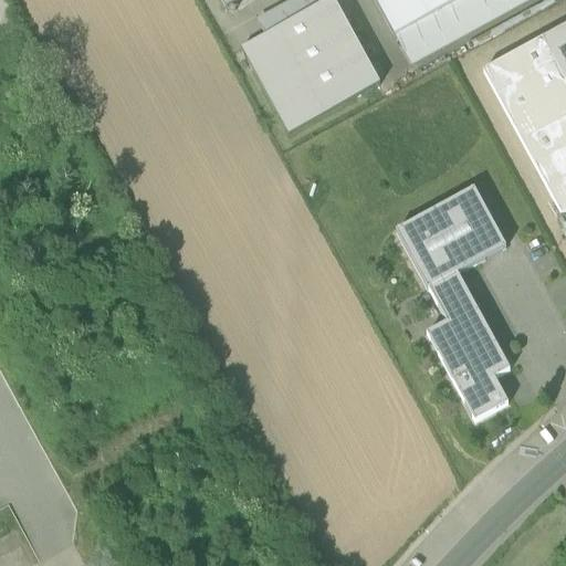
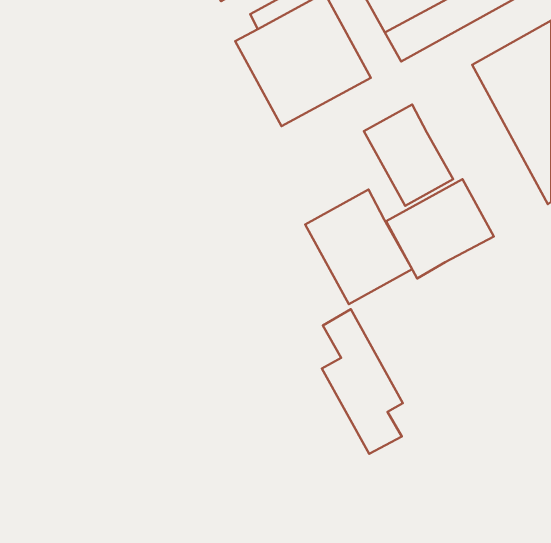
building: none -> [364,104,453,206]
building: none -> [305,190,412,304]
building: [427,269,510,417] -> [322,309,403,454]

